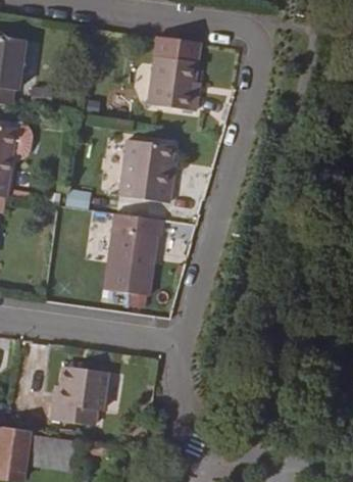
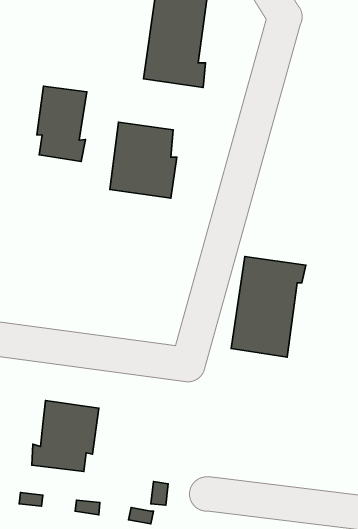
building: none -> [37,86,87,162]
building: [102,214,163,297] -> [231,257,306,357]

